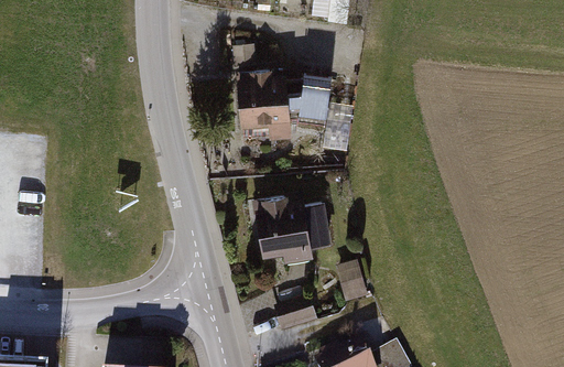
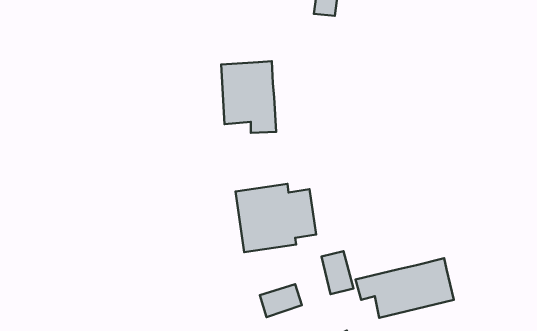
building: [288,74,330,125] -> none
building: none -> [356,258,454,318]

